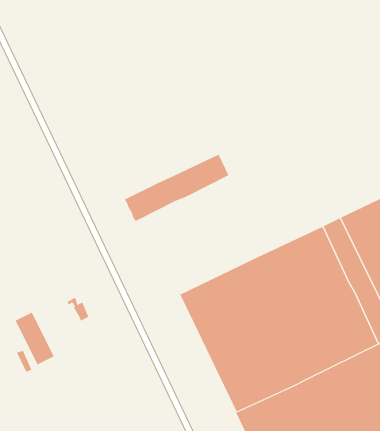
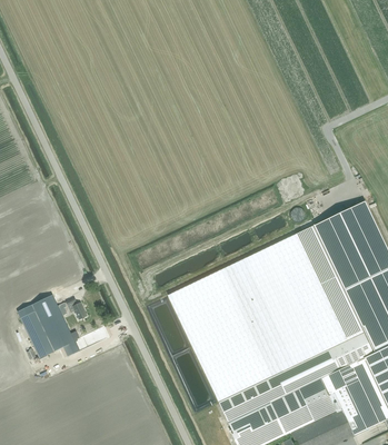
building: [124,154,229,222] -> none
building: none -> [16,295,78,353]

